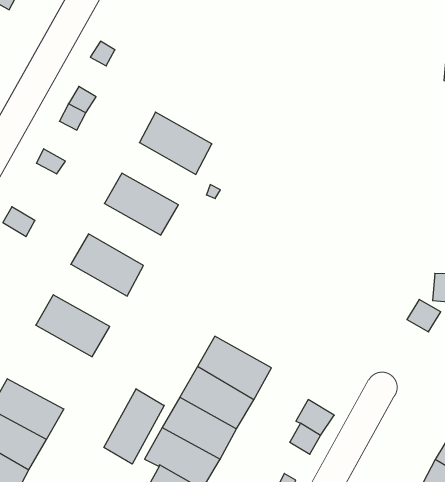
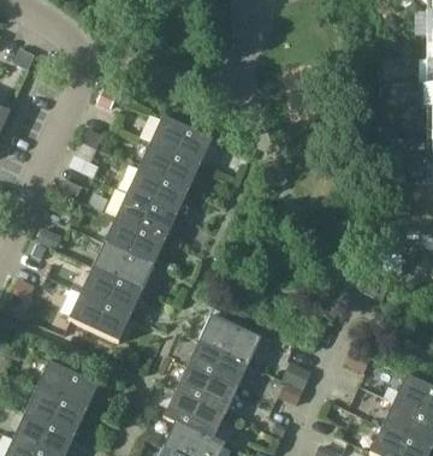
building: none -> [150,117,209,164]
building: none -> [127,167,186,214]
building: none -> [105,218,162,265]
building: none -> [81,268,140,315]
building: [104,389,164,464] -> none

